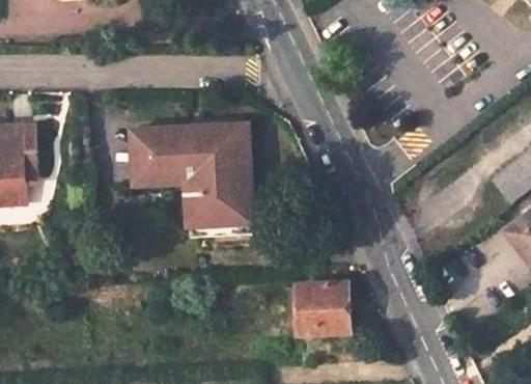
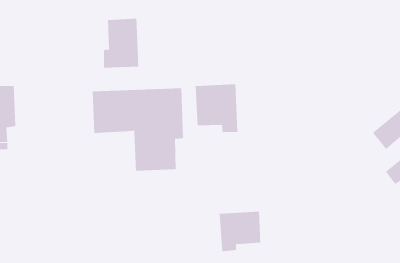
building: none -> [103,18,139,68]
building: none -> [195,84,238,133]

